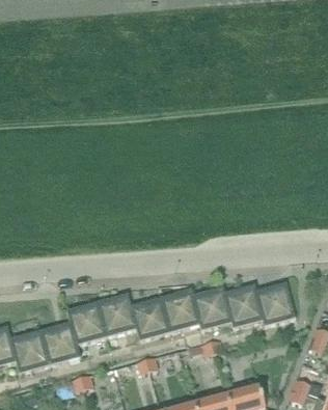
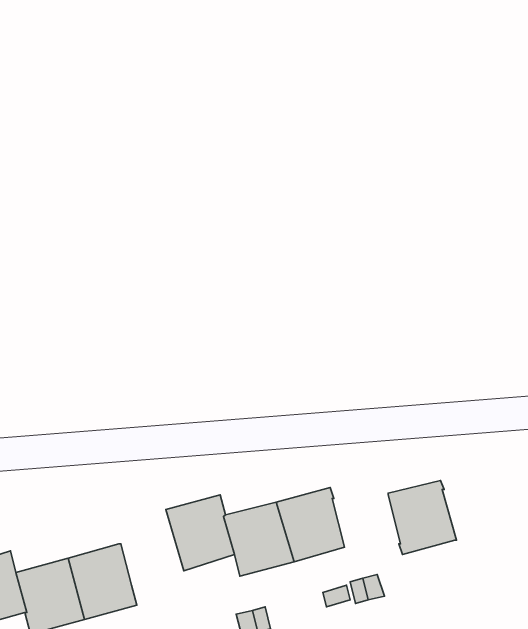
building: [255,280,296,324] -> none
building: [192,285,231,328] -> none
building: [66,300,107,344] -> none

